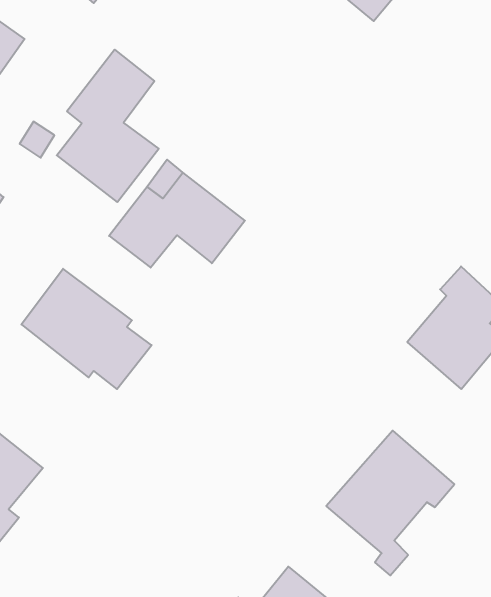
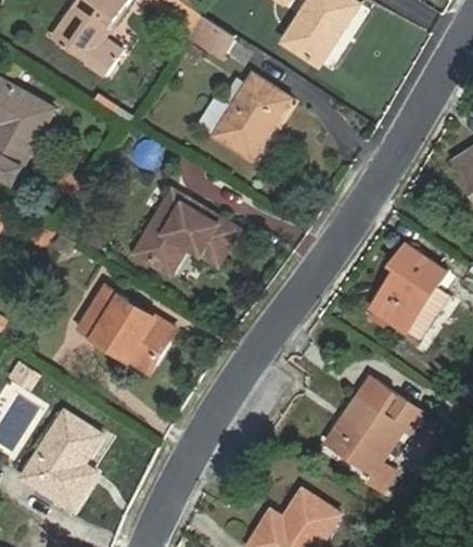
building: none -> [212,75,289,157]
building: [57,50,159,202] -> none

